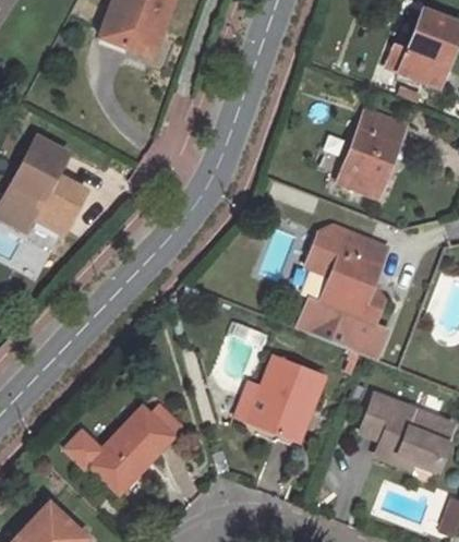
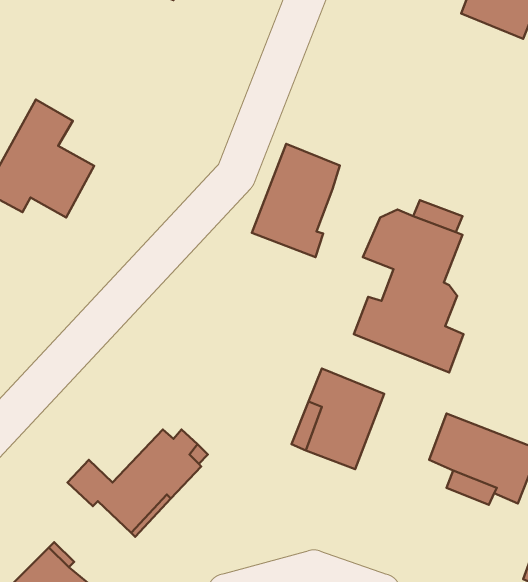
building: [339,112,403,197] -> none
building: none -> [252,144,340,257]

